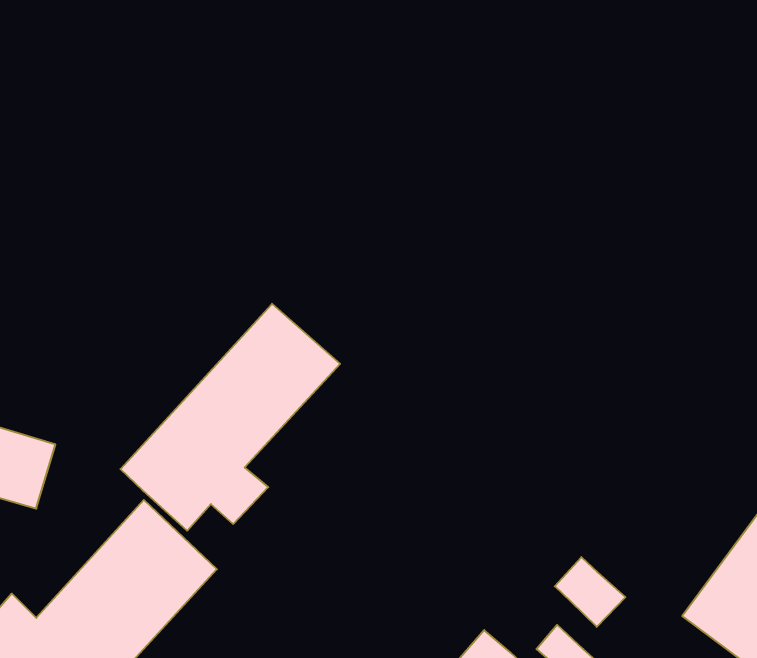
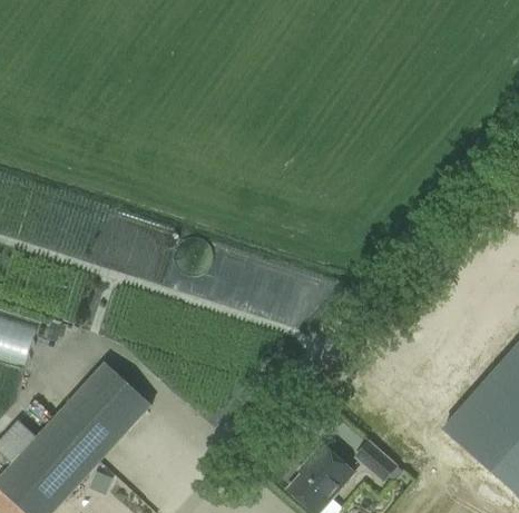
building: [120,304,340,531] -> none
building: [555,557,625,627] -> none

